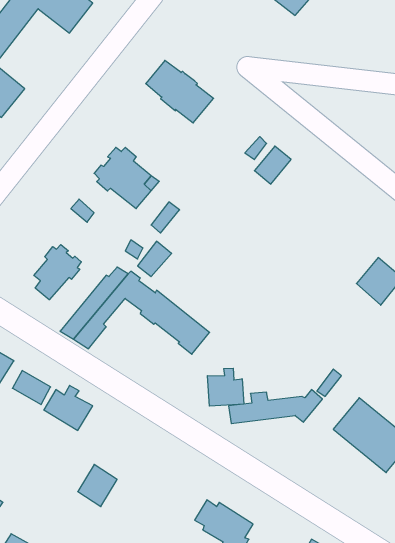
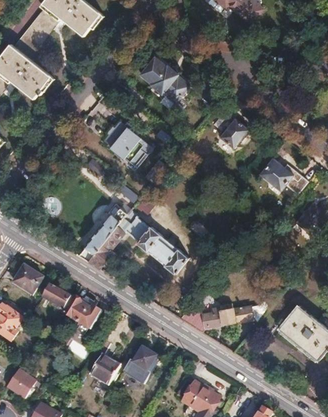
building: none -> [259,156,307,193]
building: [34,245,81,300] -> none
building: [207,368,244,406] -> none
building: none -> [121,347,156,385]

